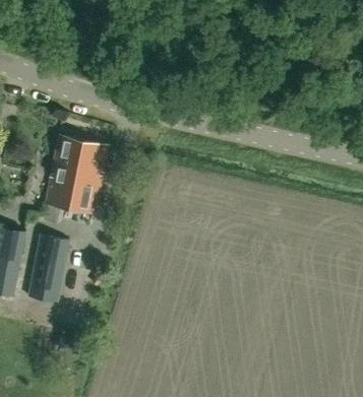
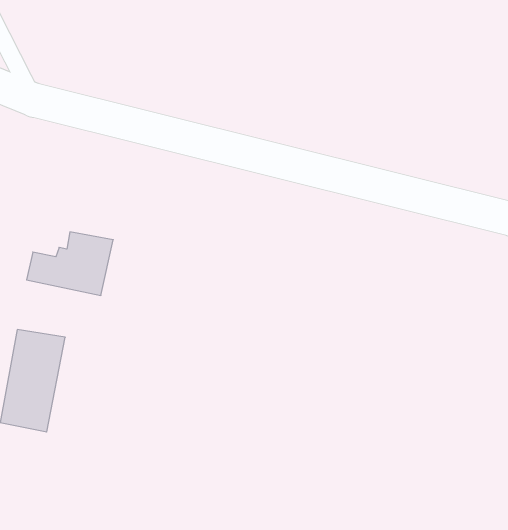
building: [49,136,108,188] -> none

